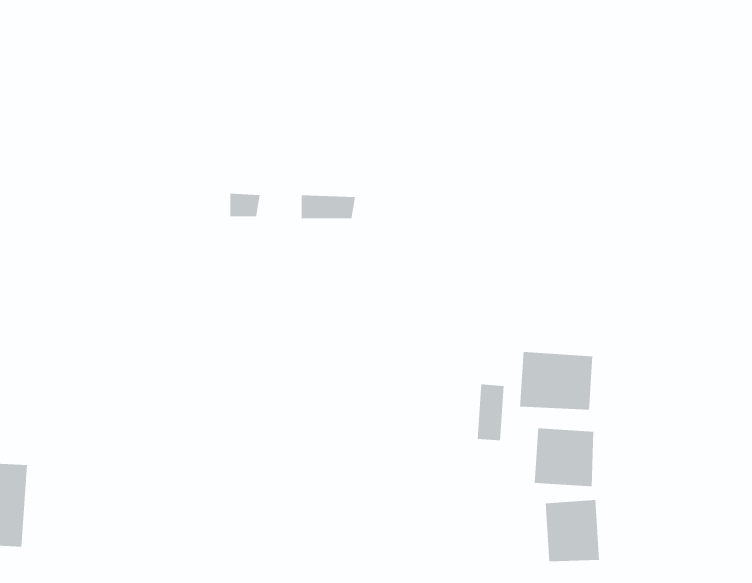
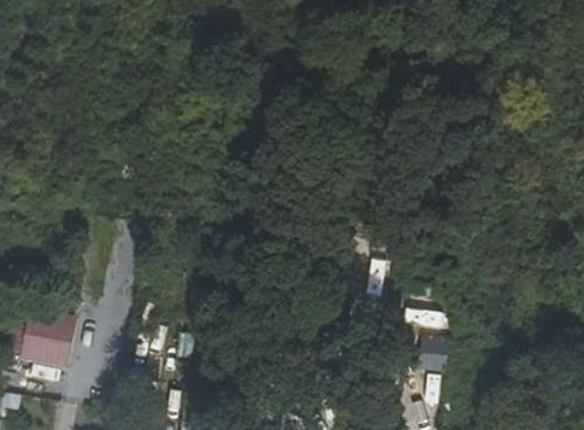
building: [520,351,593,410] -> none

